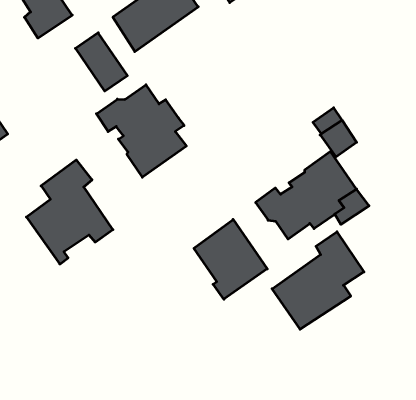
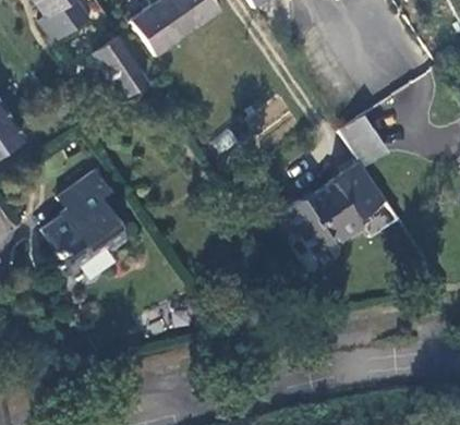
building: [96,85,186,177] -> none
building: [194,219,267,299] -> none
building: [272,232,364,329] -> none

